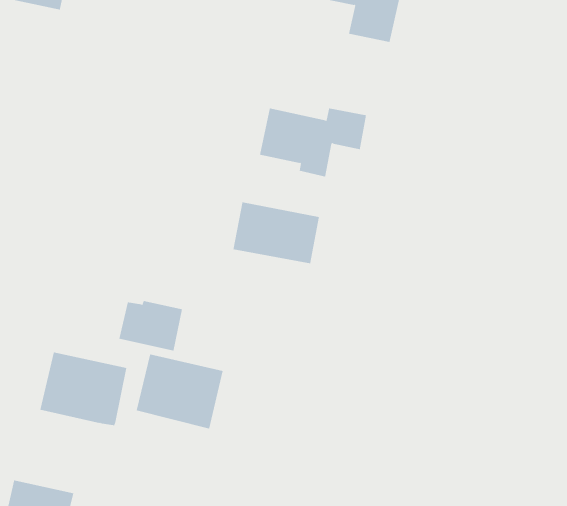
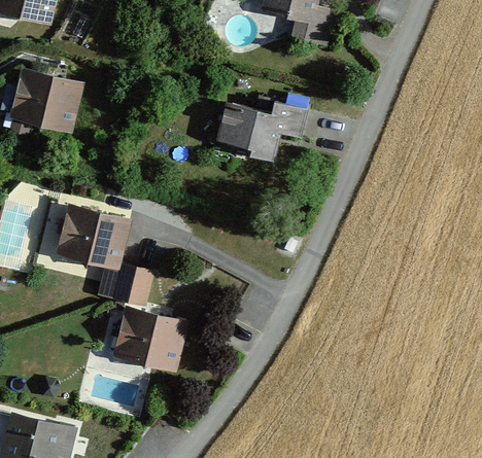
building: none -> [8,68,81,136]
building: [233,202,319,264] -> none
building: [39,352,127,426] -> [56,205,129,267]

